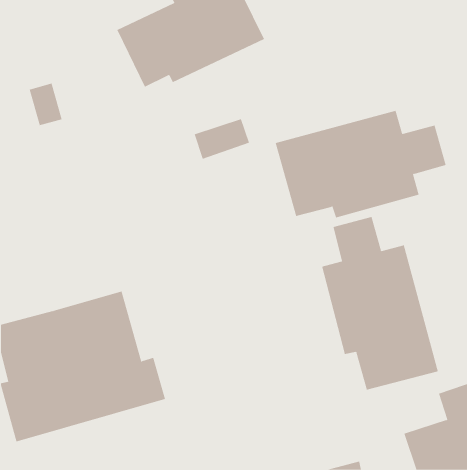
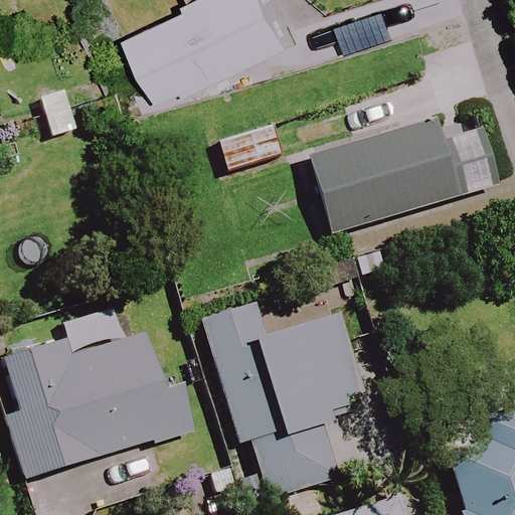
building: [322,216,438,390] -> none
building: none -> [203,305,364,498]

